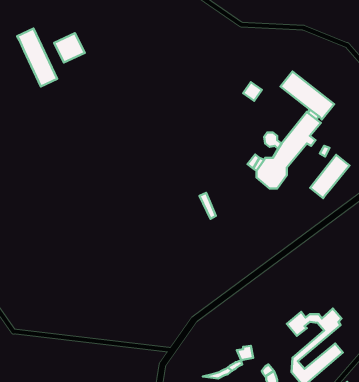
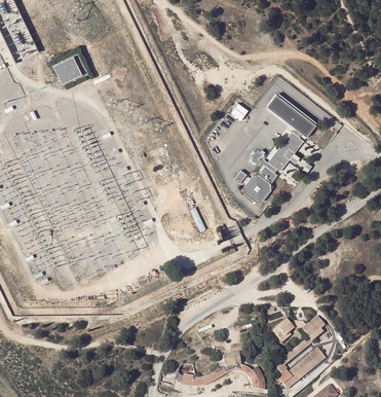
building: [17,28,57,87] -> none
building: [310,155,349,198] -> none

